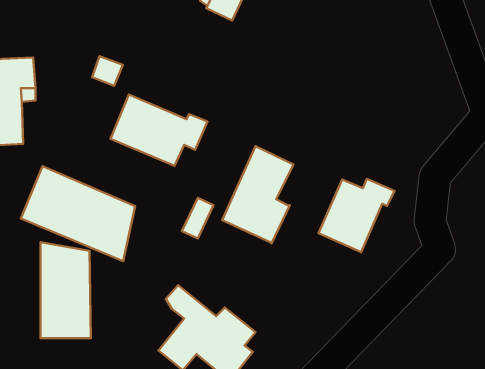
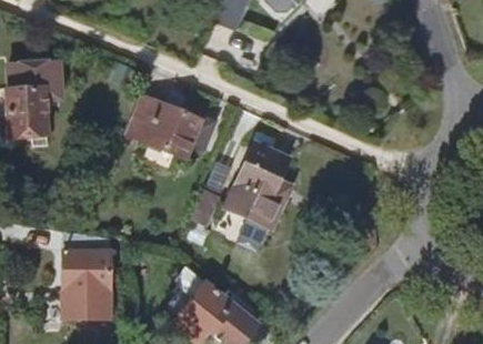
building: [21,166,135,261] -> none
building: [318,179,394,252] -> none

